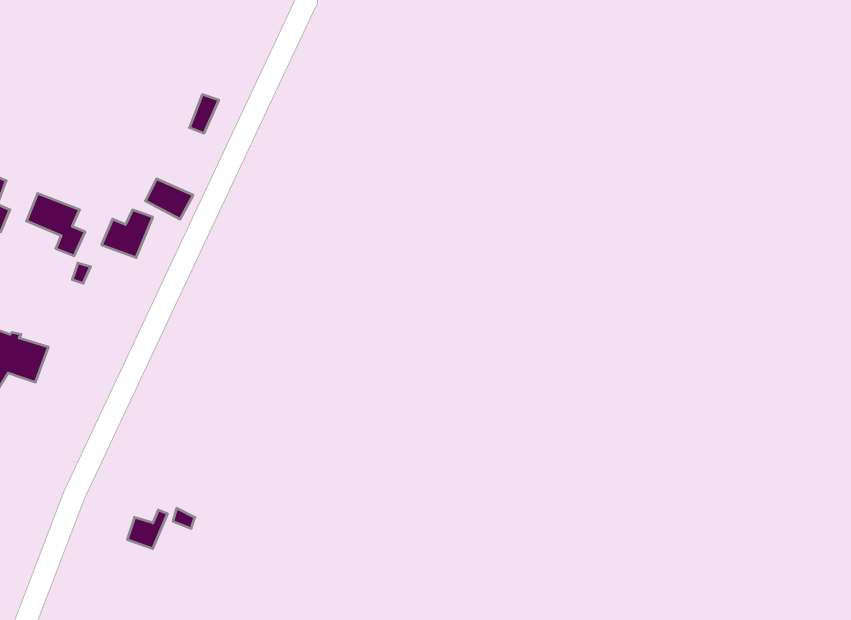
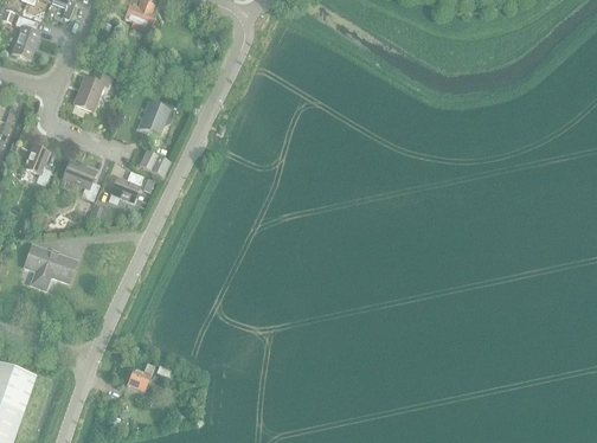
building: none -> [73,69,110,109]
building: none -> [139,99,168,133]

